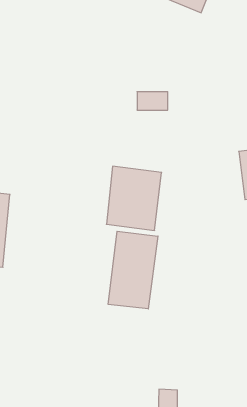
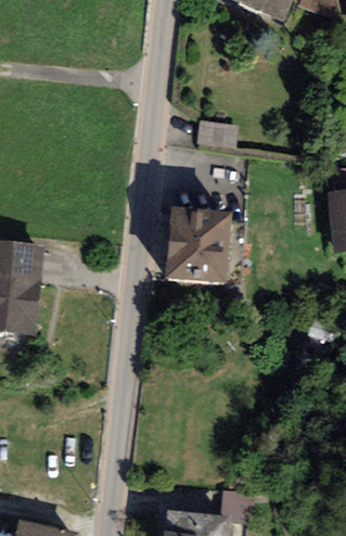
building: [108,231,158,309] -> none

